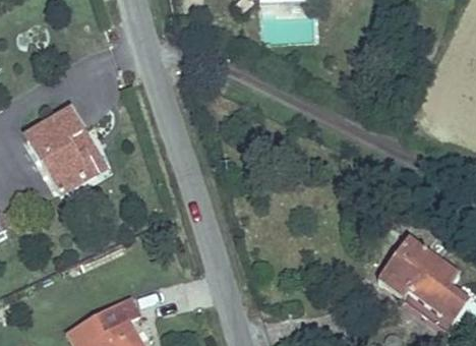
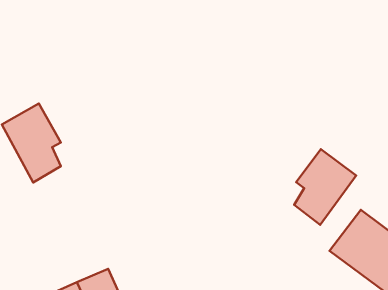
building: none -> [294,149,356,225]

